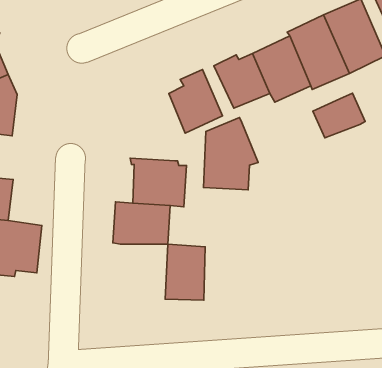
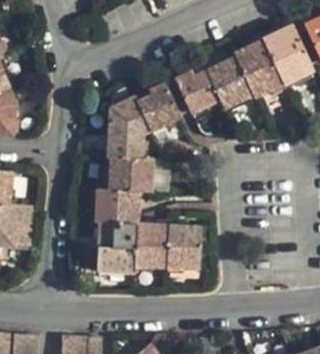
building: [313,93,365,138] -> none
building: [203,118,258,190] -> [107,97,151,155]
building: none -> [96,223,137,274]
building: none -> [167,225,202,270]

